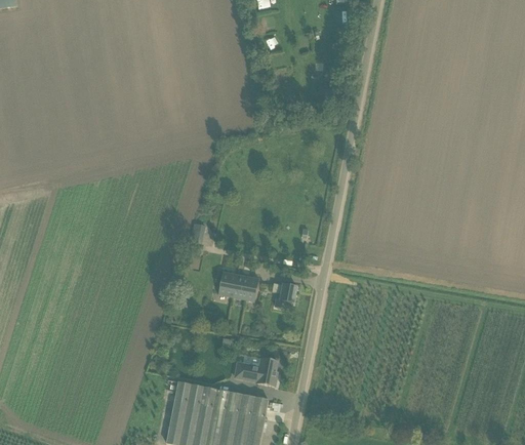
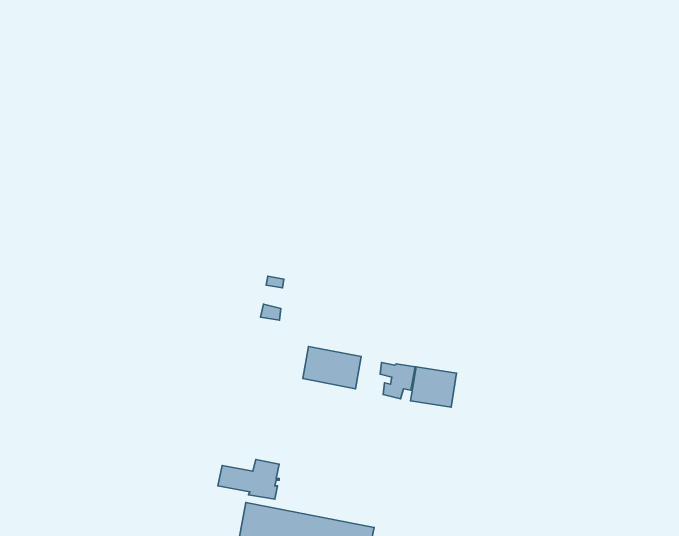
building: none -> [411,367,457,407]
building: [234,358,277,386] -> [218,460,279,499]

